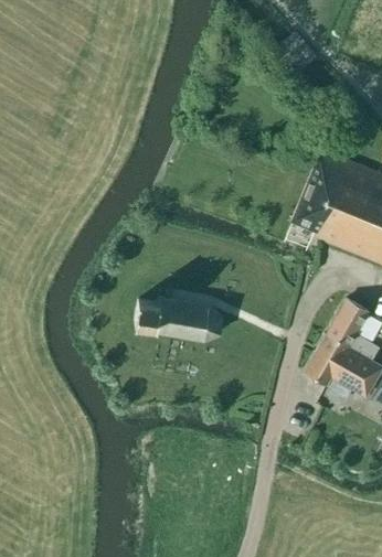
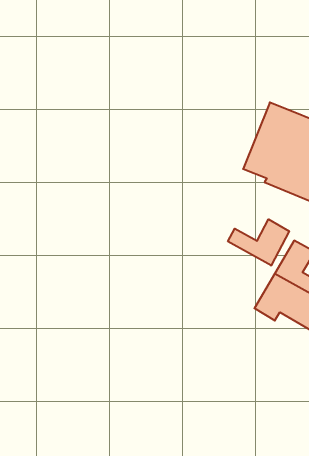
building: none -> [228,219,289,266]
building: [136,297,220,339] -> none

